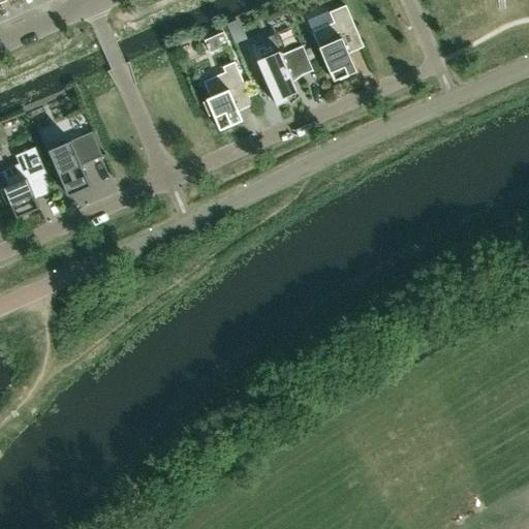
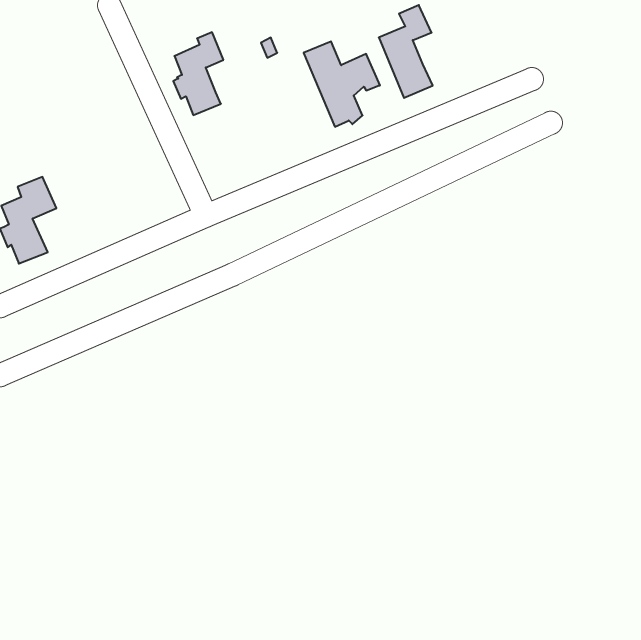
building: [203,61,244,129] -> [173,32,223,115]
building: [48,130,102,195] -> none

